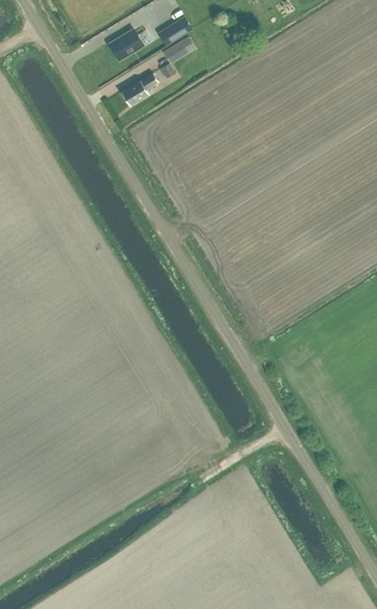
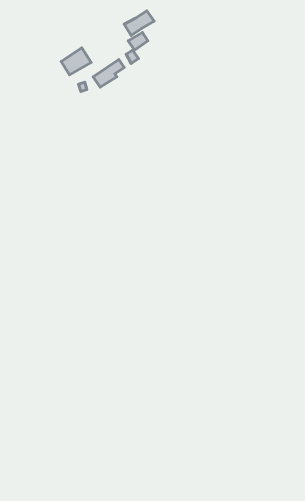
building: [108,29,143,59] -> [61,48,91,75]

